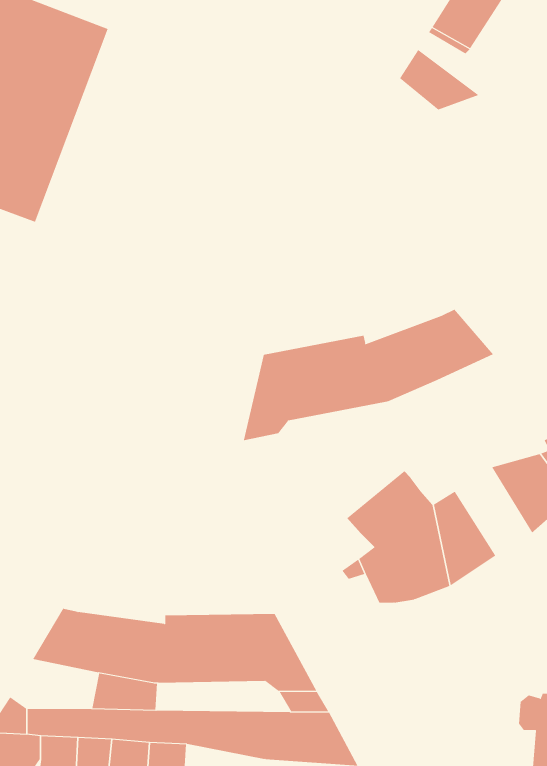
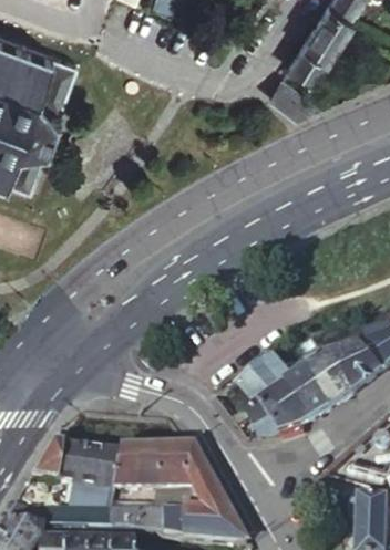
building: [243,309,494,441] -> none
building: none -> [307,345,357,403]

